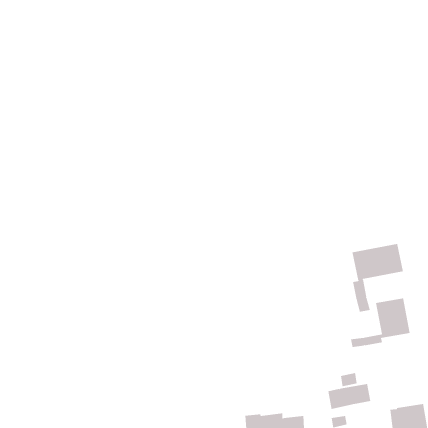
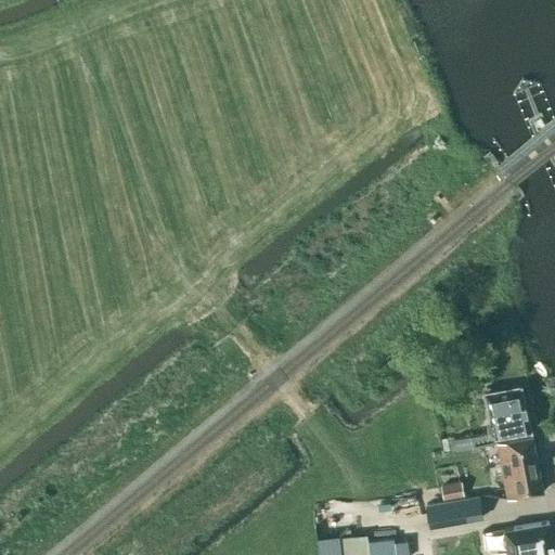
building: [352,243,403,312] -> none
building: none -> [496,437,542,500]

